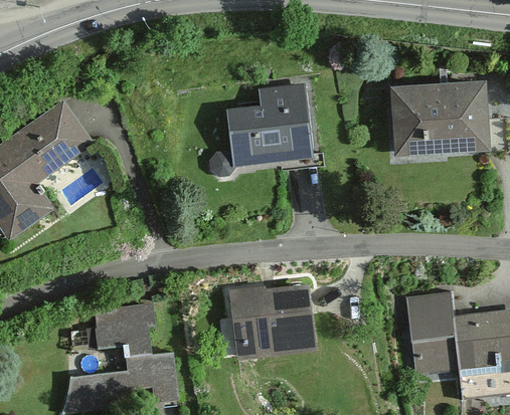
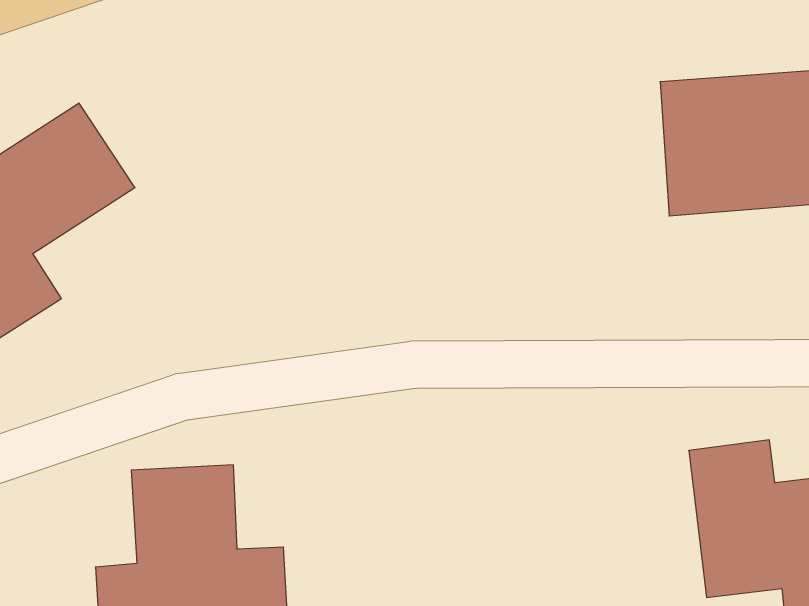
building: [207,85,316,177] -> none
building: [231,284,314,359] -> none

